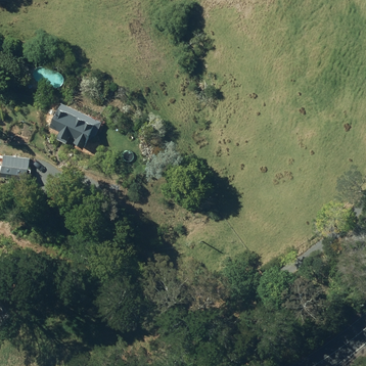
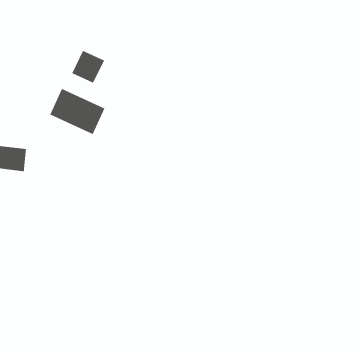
building: none -> [71,50,105,84]

